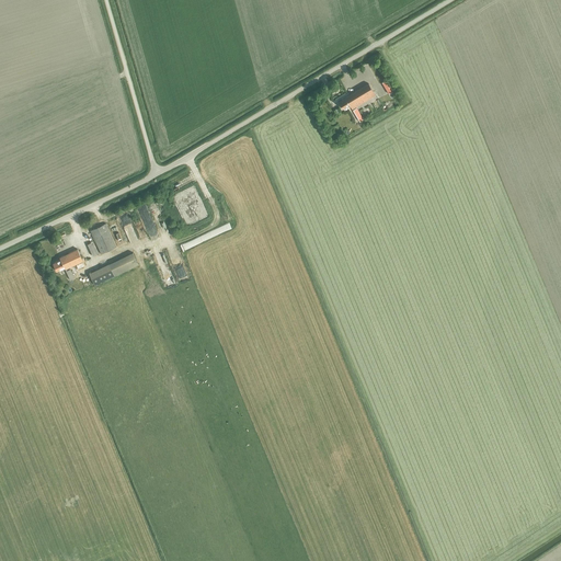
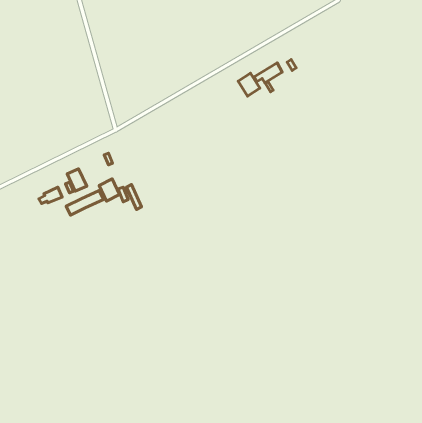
building: none -> [238,73,260,96]
building: none -> [99,179,120,201]

